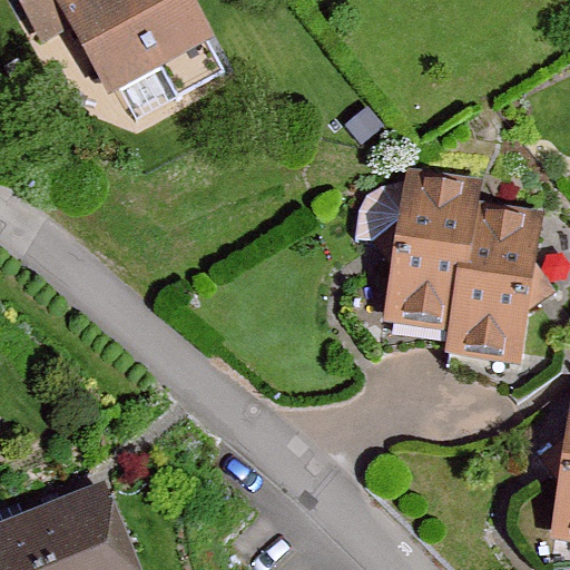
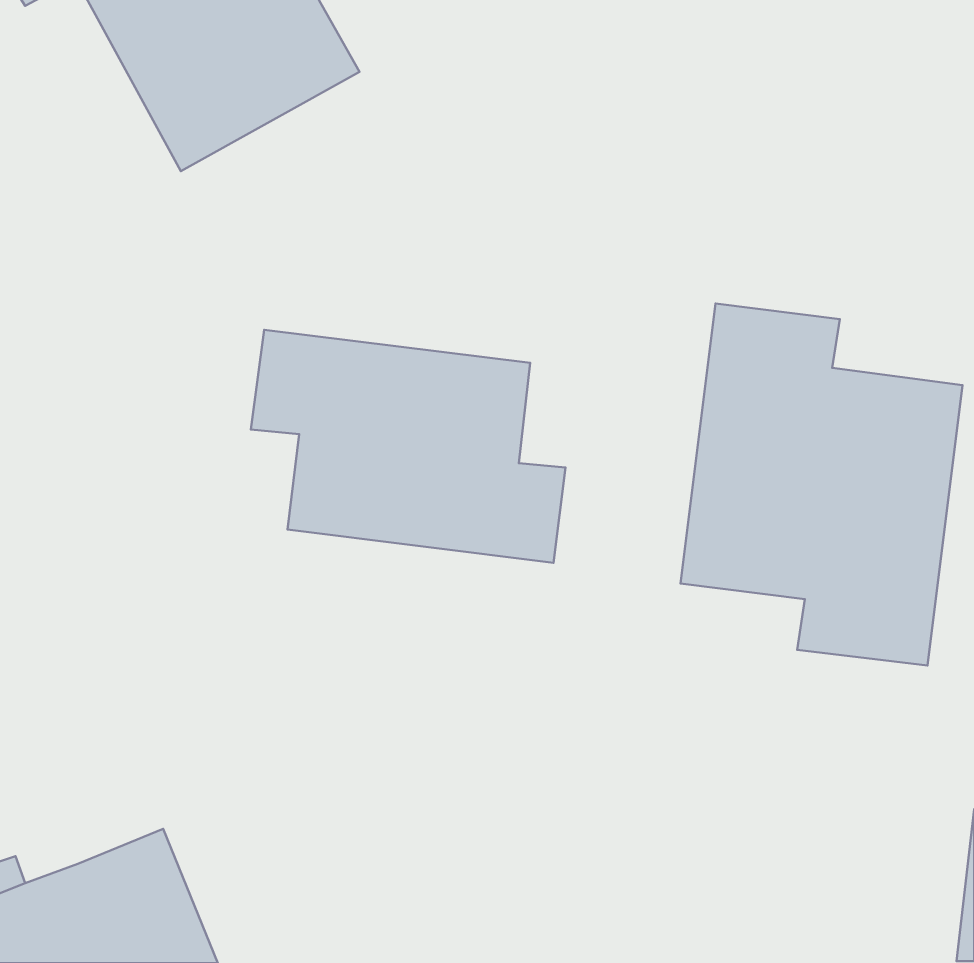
building: none -> [251,330,565,563]

